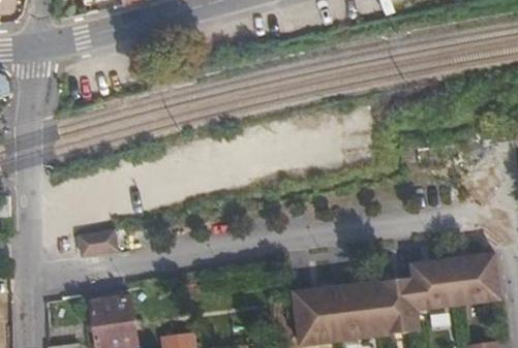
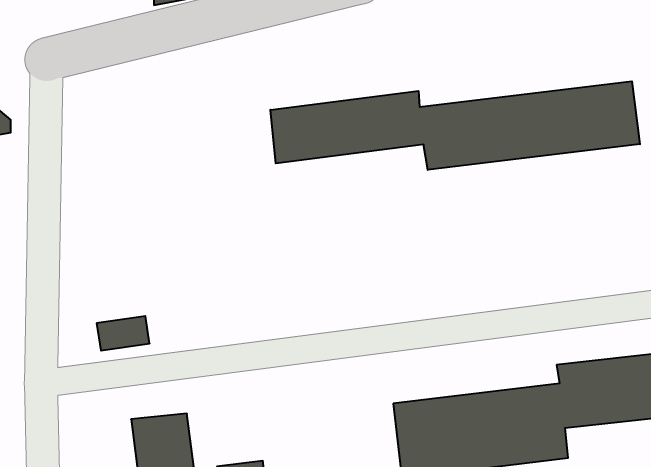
building: none -> [270,81,640,170]

